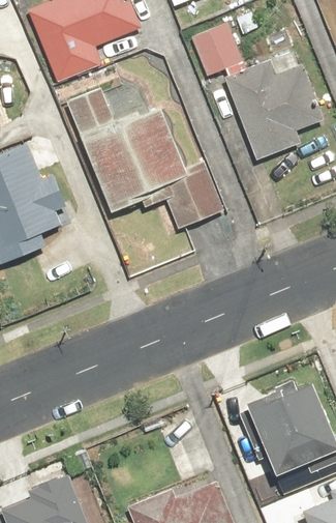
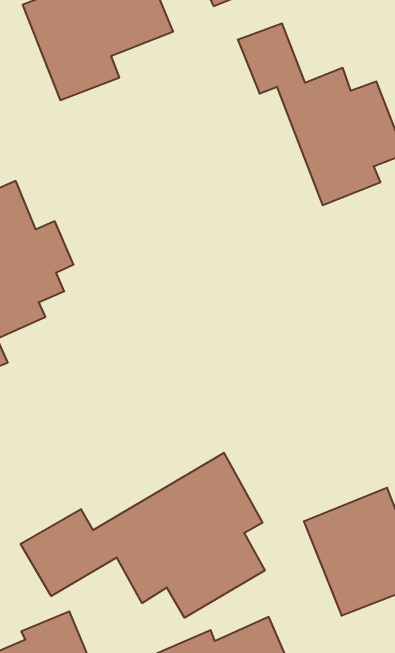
building: [66,85,223,228] -> none
building: none -> [21,453,265,618]

